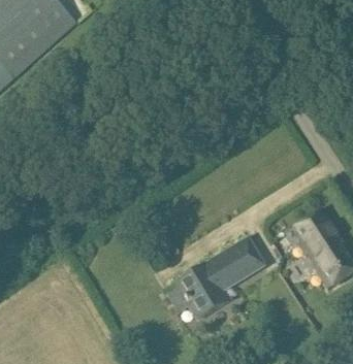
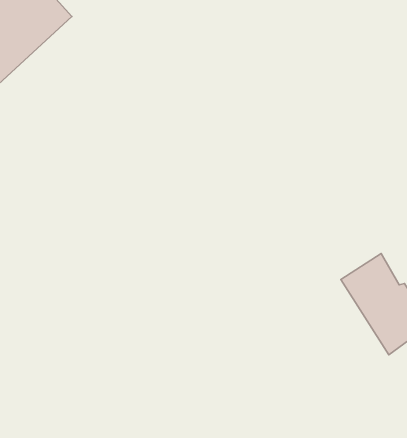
building: [176,241,262,319] -> none

